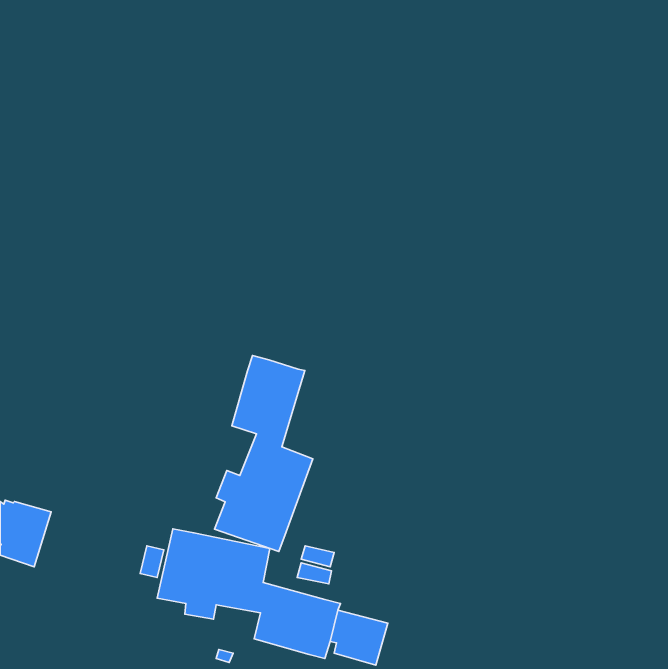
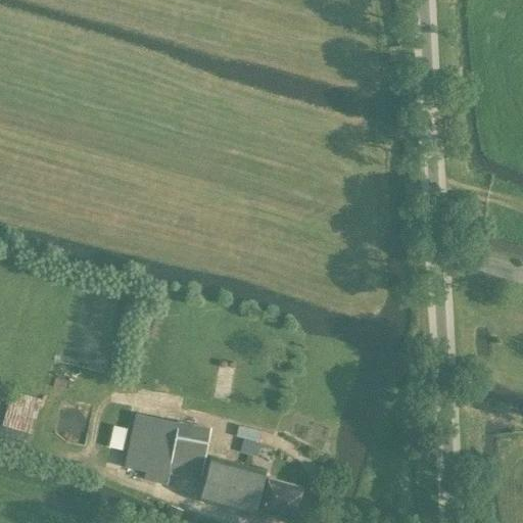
building: [215,355,313,552] -> none

